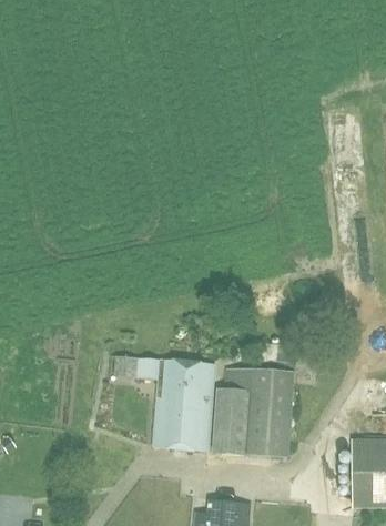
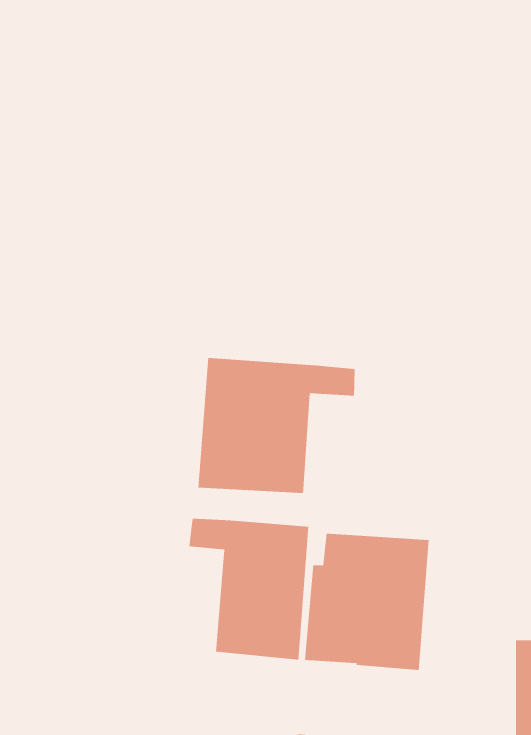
building: none -> [198,357,355,494]

